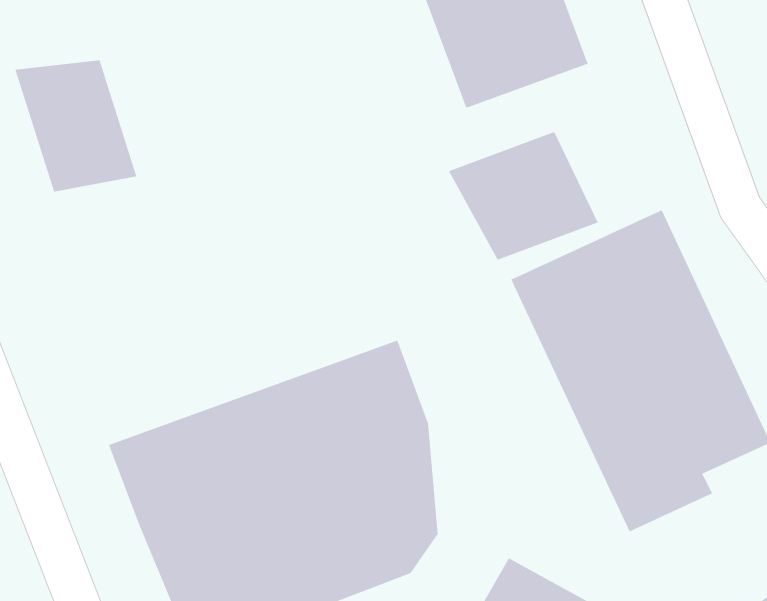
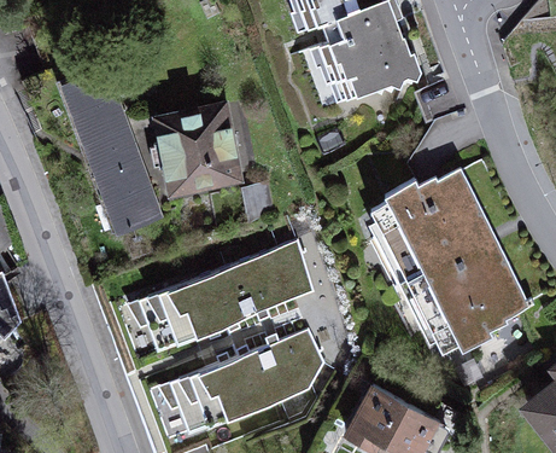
building: none -> [159,109,244,201]
building: [448,131,598,261] -> none
building: none -> [84,145,159,231]

